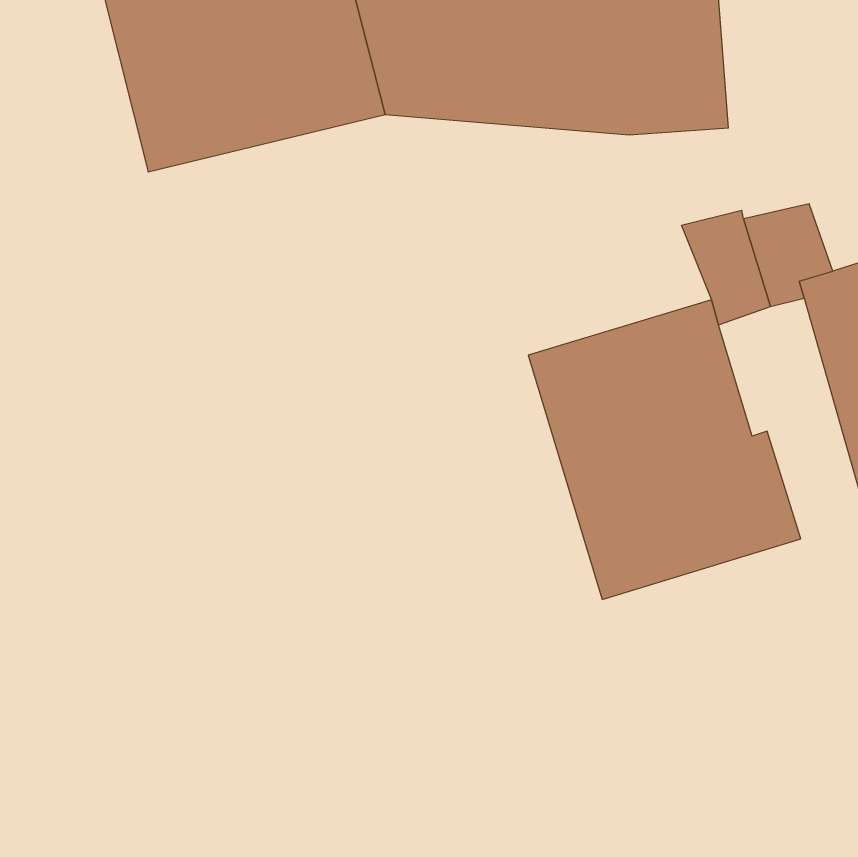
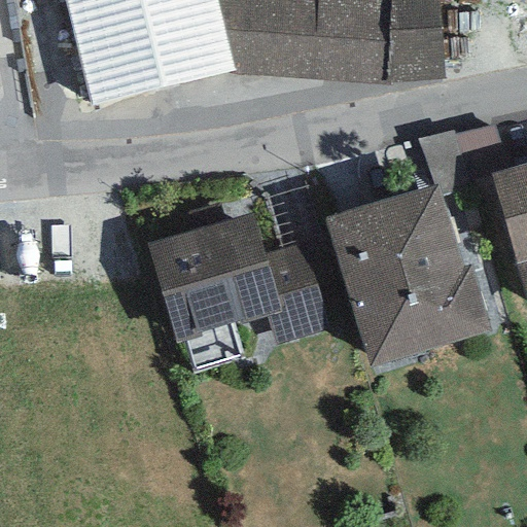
building: none -> [147,211,342,345]

